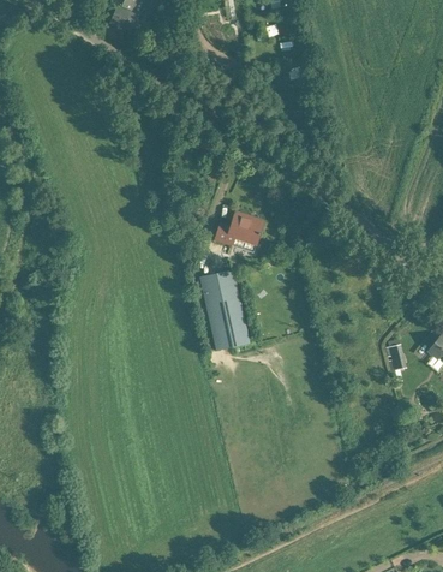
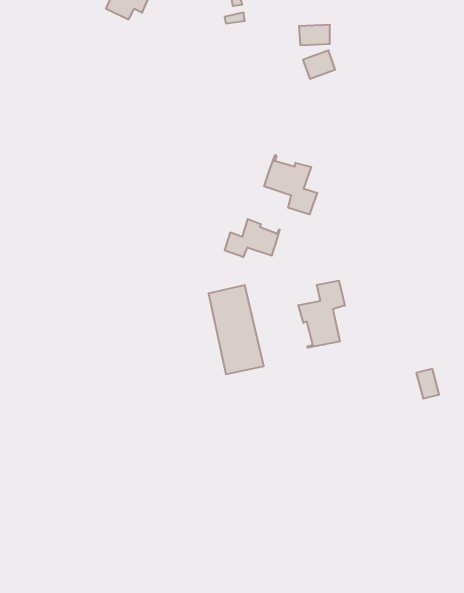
building: none -> [264,155,317,214]
building: none -> [298,281,345,348]

